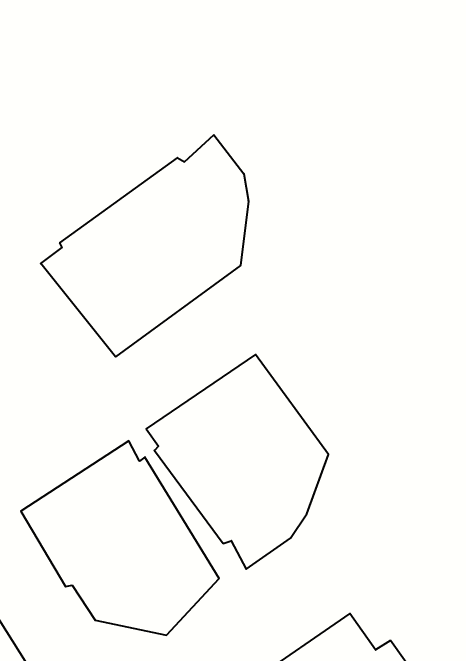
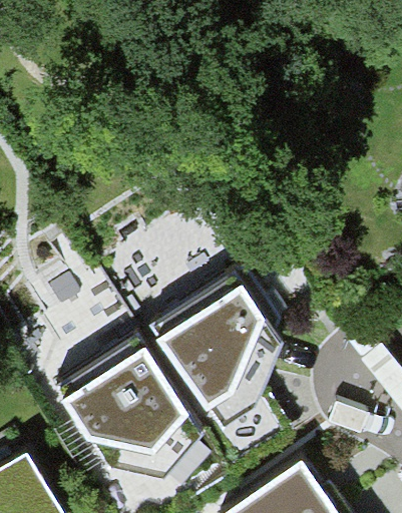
building: [41,135,248,357] -> none

